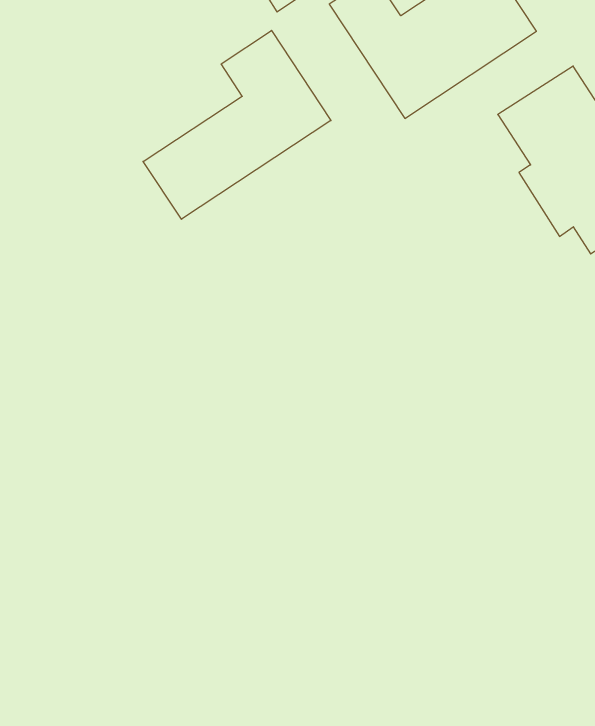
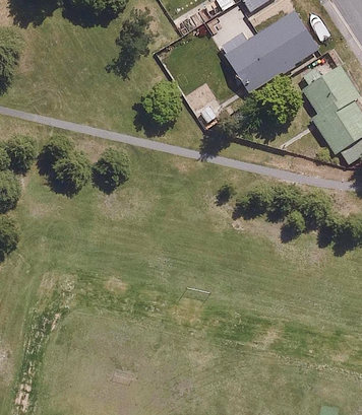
building: [143,30,331,219] -> none

